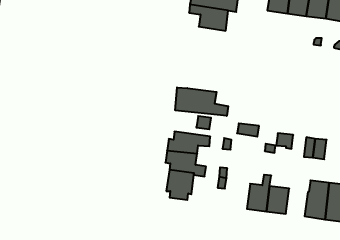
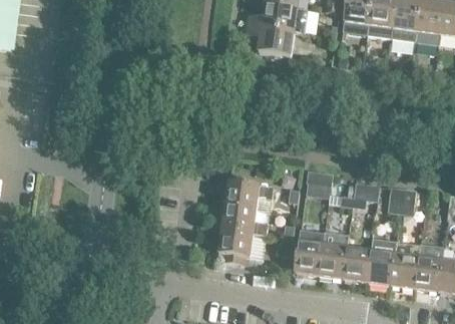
building: [175,87,228,116] -> none
building: none -> [294,229,324,275]
building: none -> [366,250,393,284]

